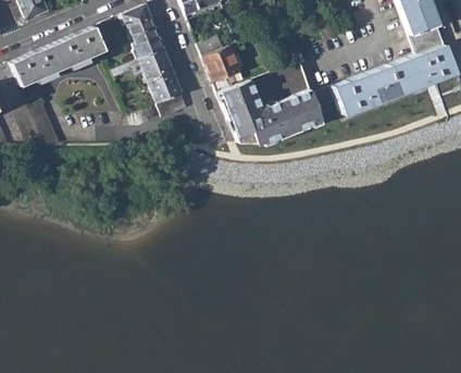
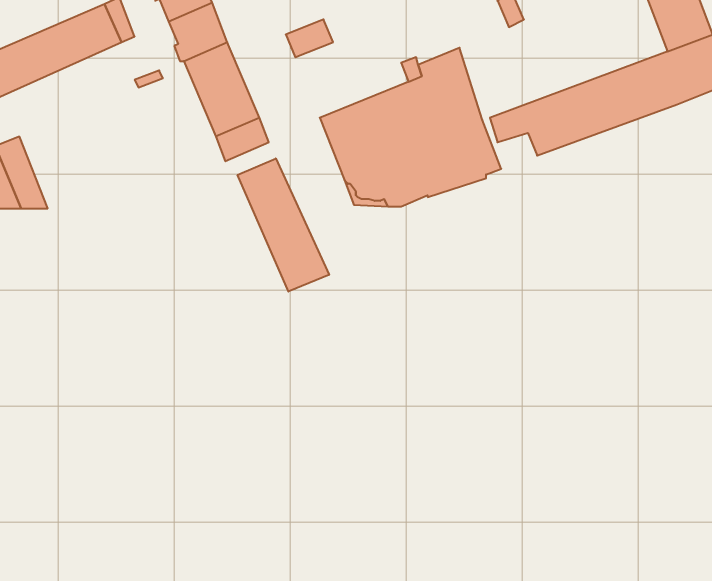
building: [203,47,240,82] -> none
building: none -> [238,158,329,292]

